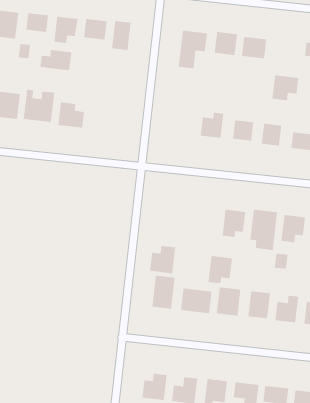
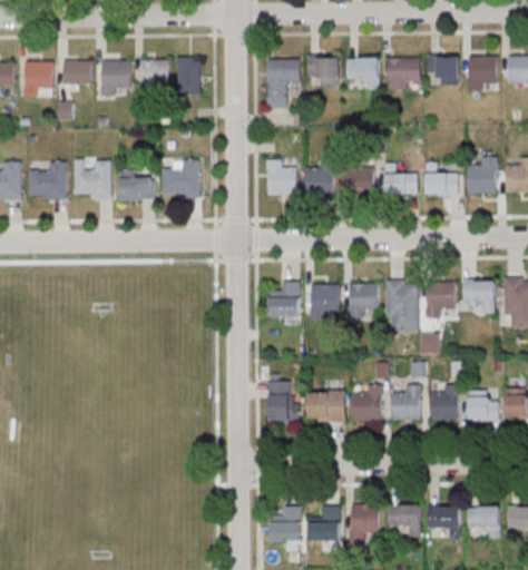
building: [40,49,72,71] -> none
building: [272,74,299,101] -> [388,58,420,90]
building: none -> [162,159,199,198]
building: none -> [266,160,295,196]
building: [149,245,176,274] -> [268,282,300,317]
building: [208,255,233,284] -> [310,285,339,321]

